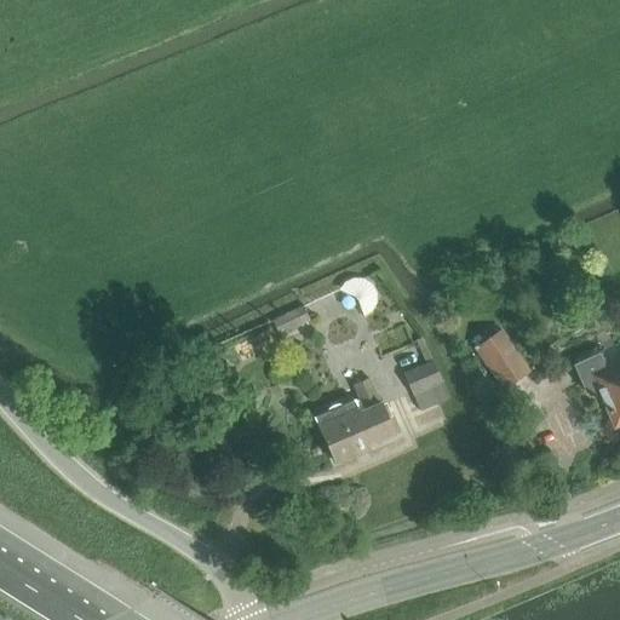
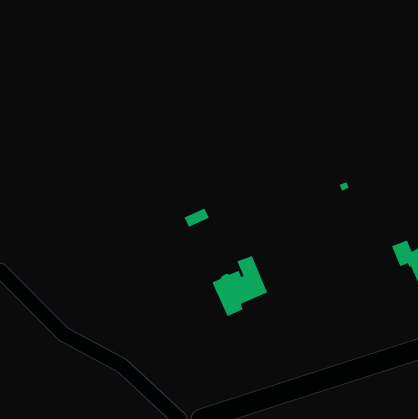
building: [476,331,529,389] -> none
building: [403,362,442,396] -> none

